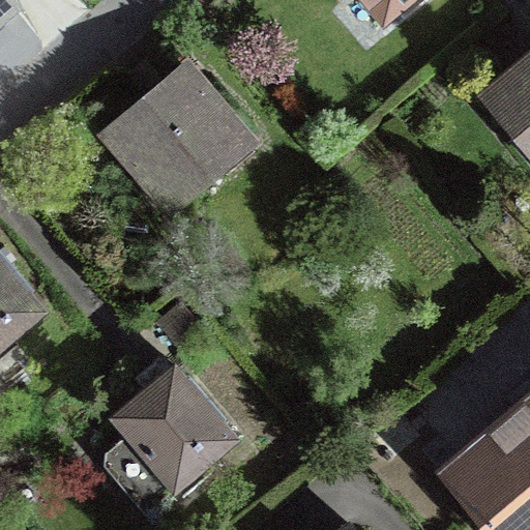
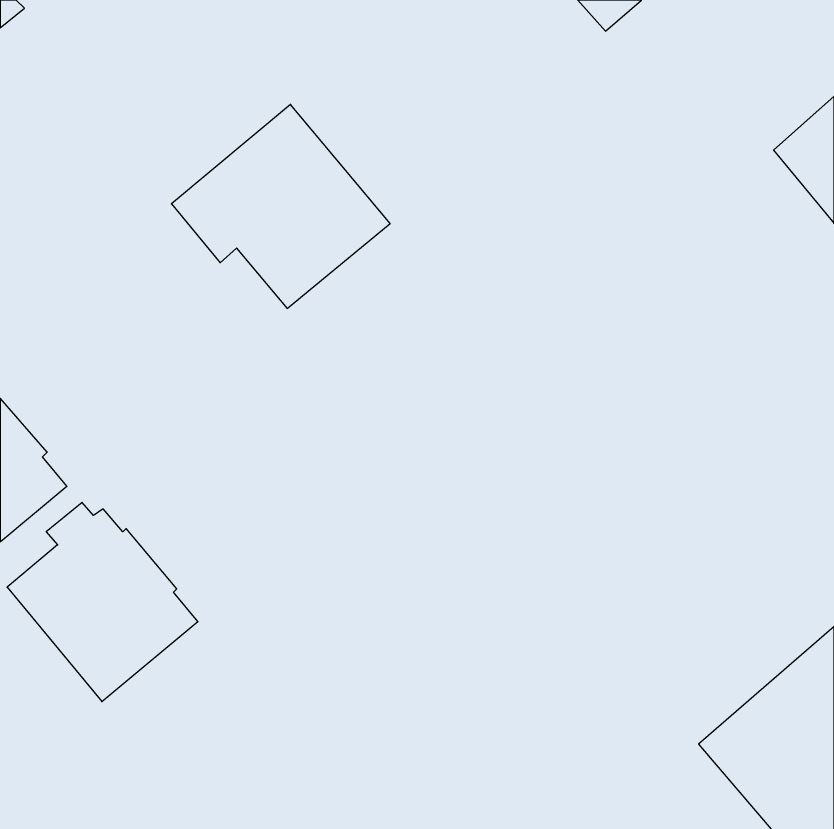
building: [114,364,235,491] -> [7,502,198,702]

